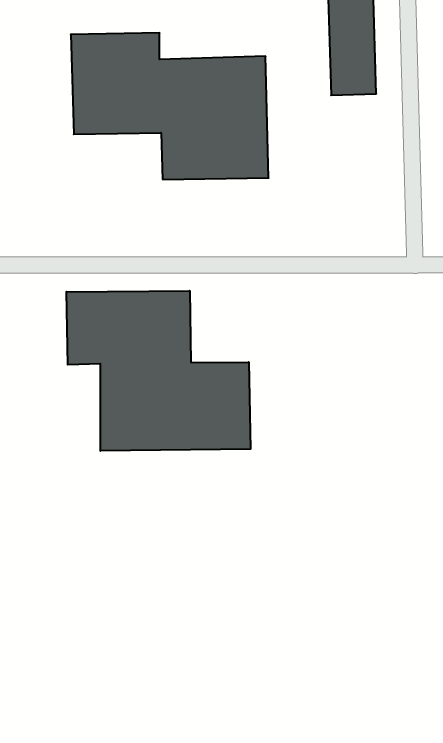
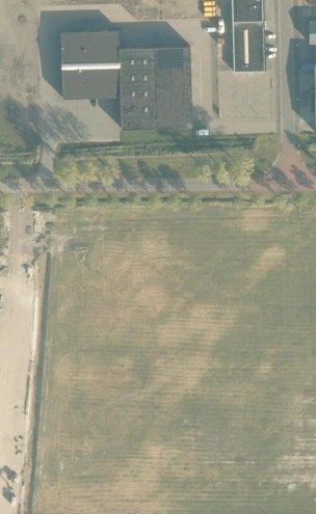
building: [66,291,251,451] -> none

